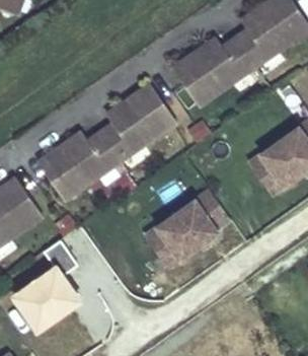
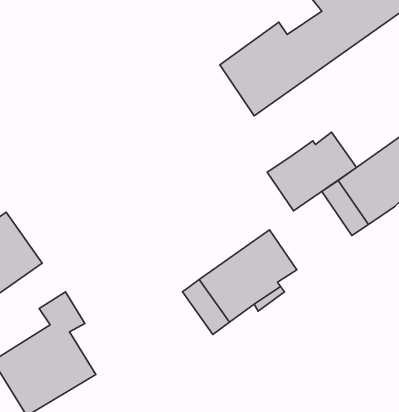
building: [38,84,176,200] -> none
building: none -> [267,132,356,211]

